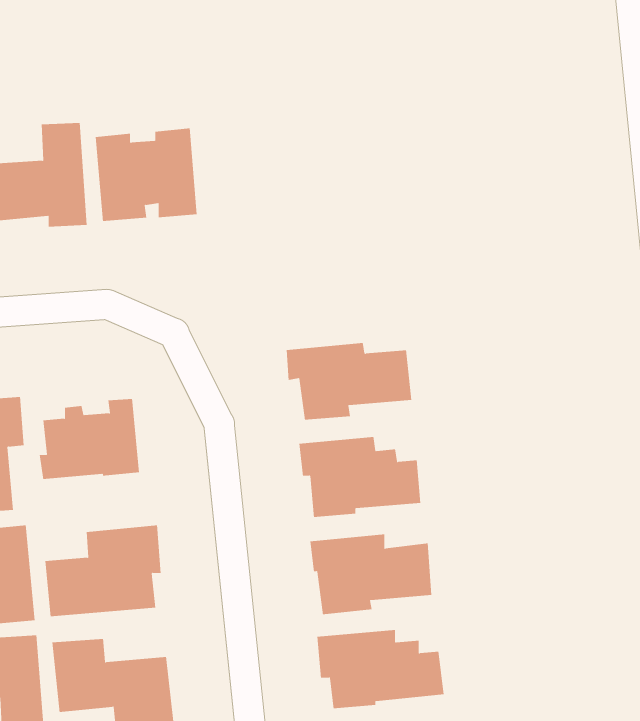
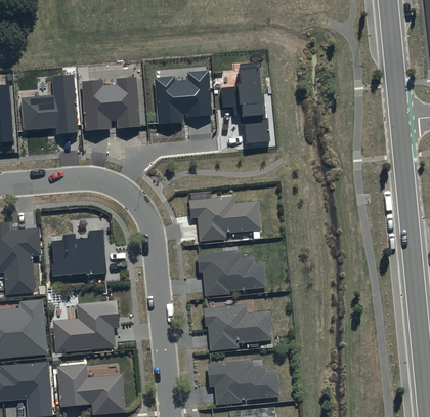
building: none -> [219,60,269,140]
building: none -> [153,68,211,122]

